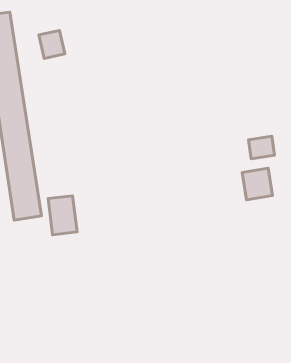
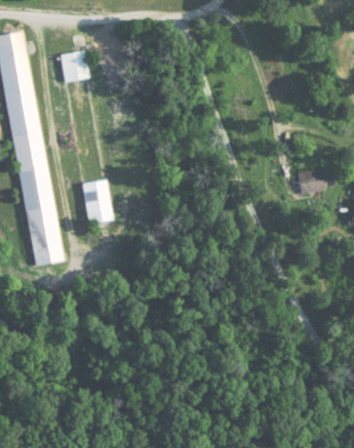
building: [242,168,272,200] -> none
building: [48,196,77,235] -> [80,179,113,223]

